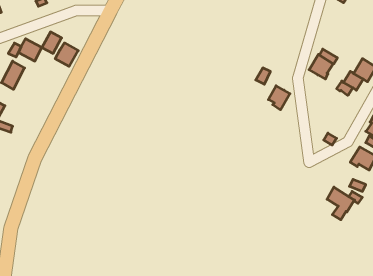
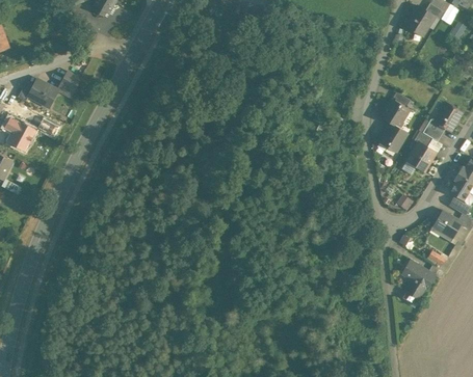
building: [55,43,78,66] -> none
building: [268,86,290,110] -> [382,124,408,153]
building: none -> [408,142,436,171]

